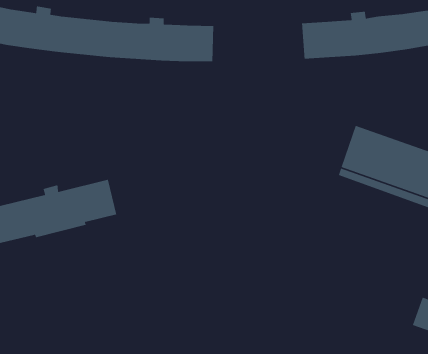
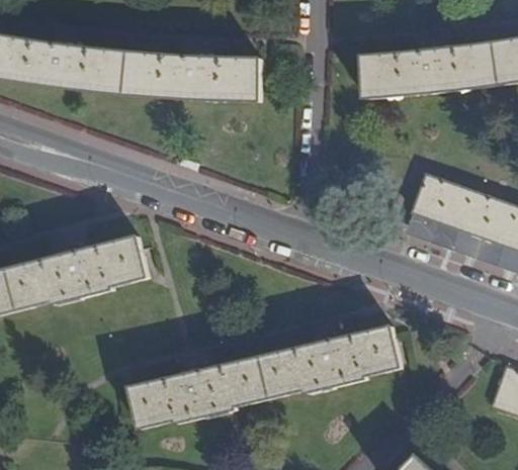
building: none -> [131,324,402,429]

